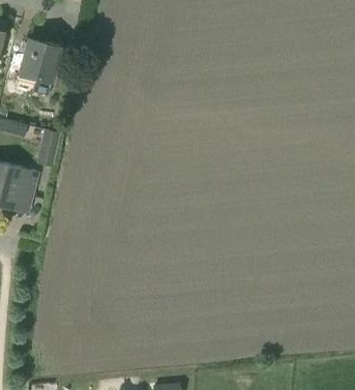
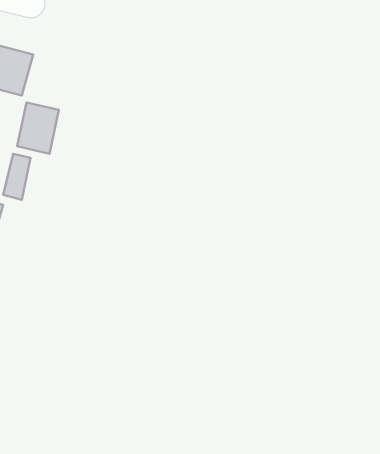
building: none -> [17,102,59,154]

